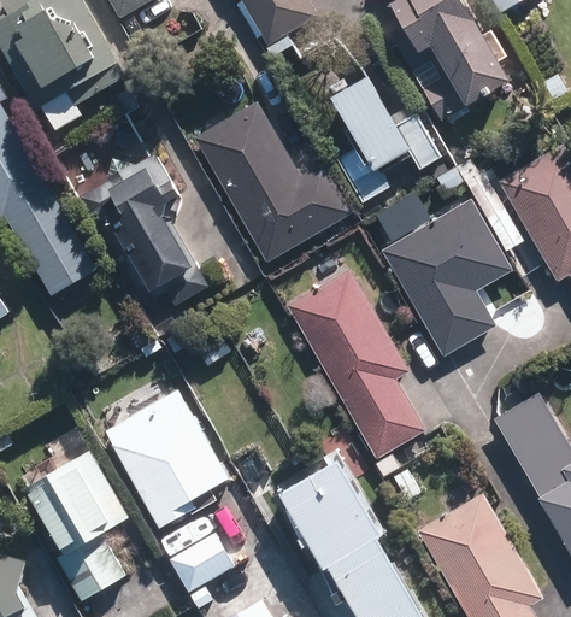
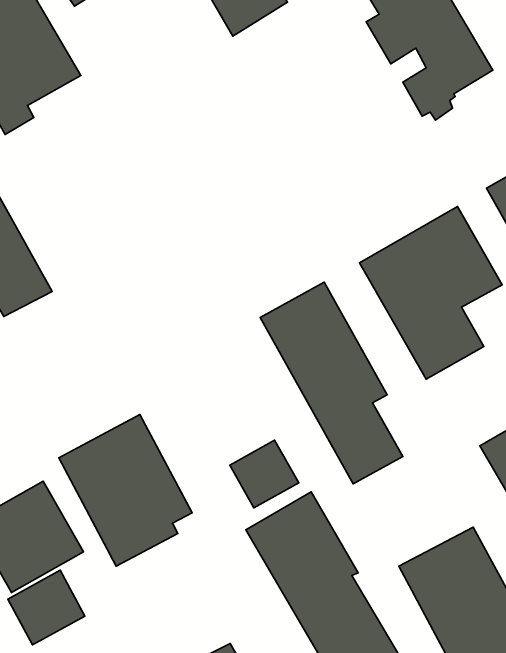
building: [329,77,408,172] -> none
building: [196,102,354,263] -> none
building: [81,155,193,299] -> none
building: none -> [230,440,299,508]
building: [169,531,235,592] -> none

